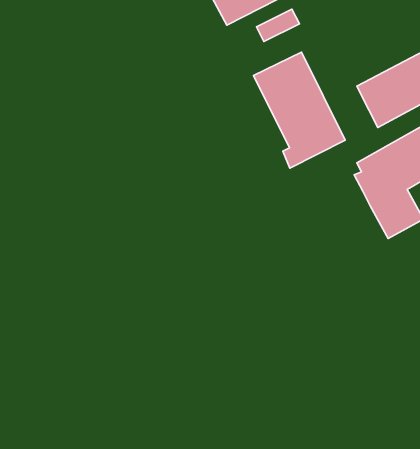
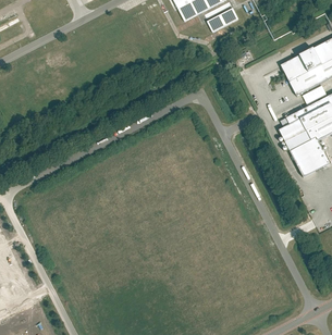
building: [254,52,345,168] -> none

